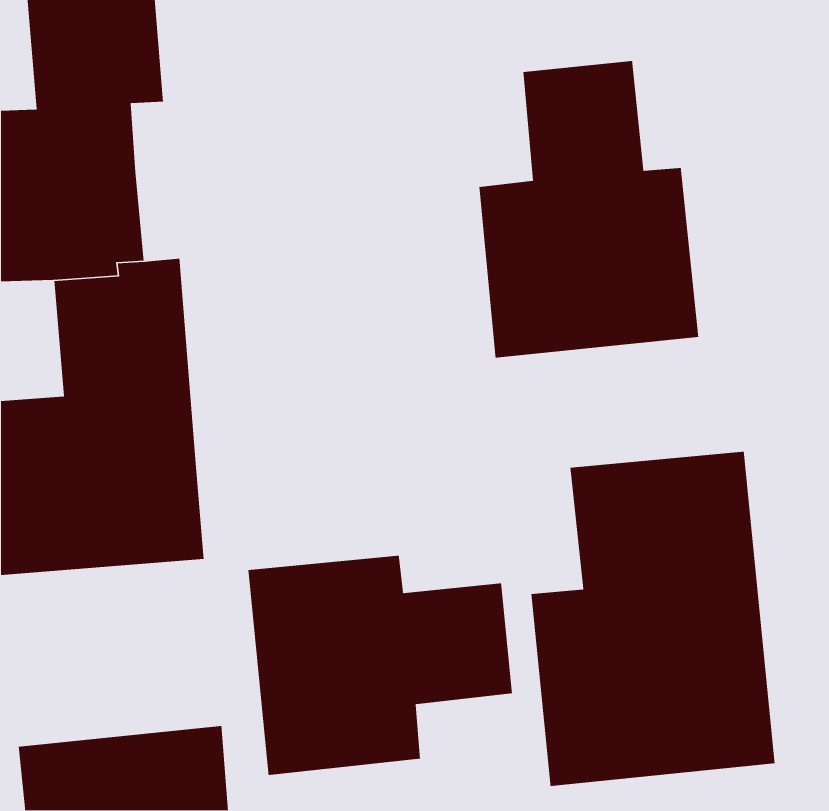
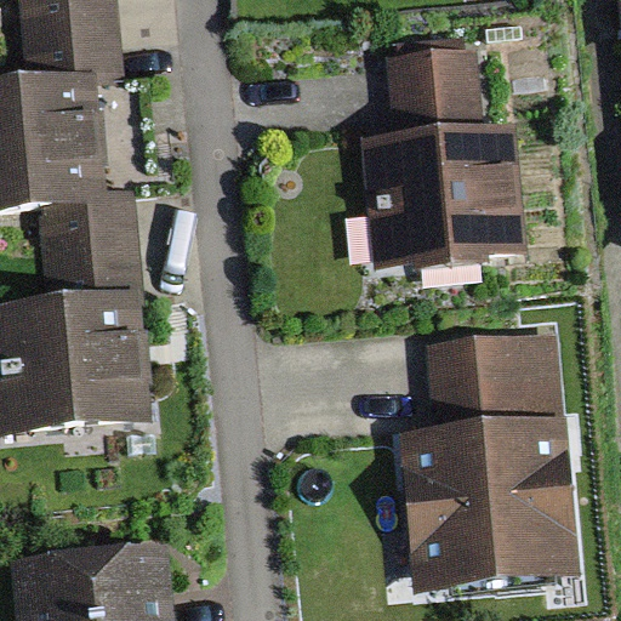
building: [248,555,513,776] -> none

